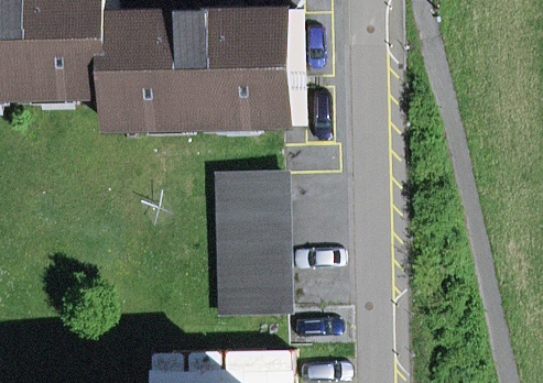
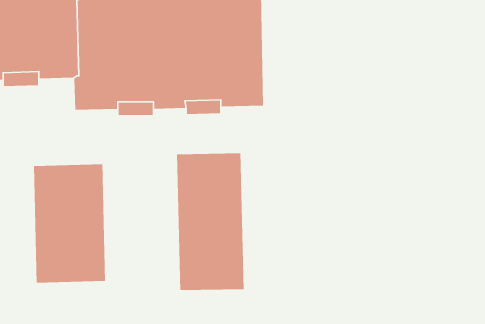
building: none -> [33,163,106,283]

